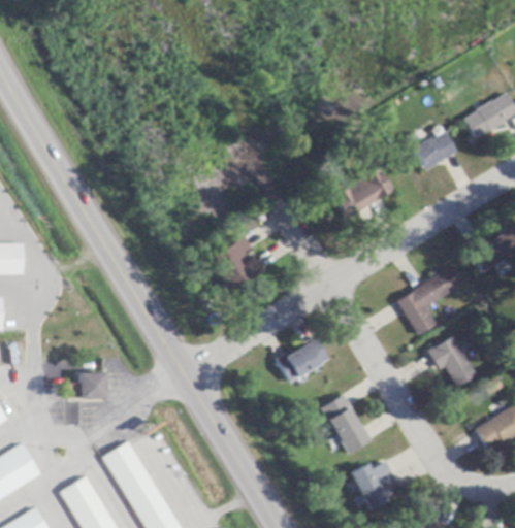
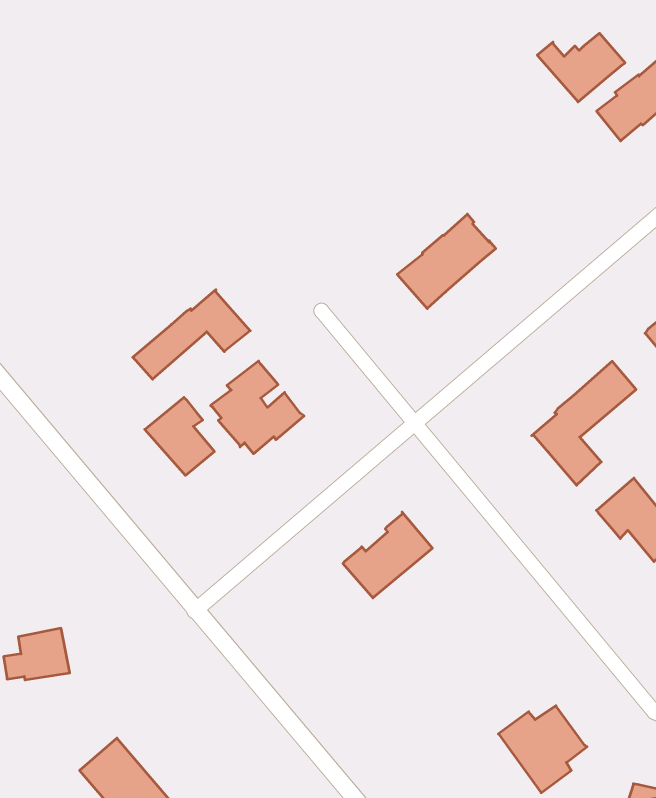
building: [407,132,457,170] -> [537,33,625,102]
building: none -> [133,290,250,379]
building: none -> [145,397,214,475]
building: [321,394,373,454] -> none

